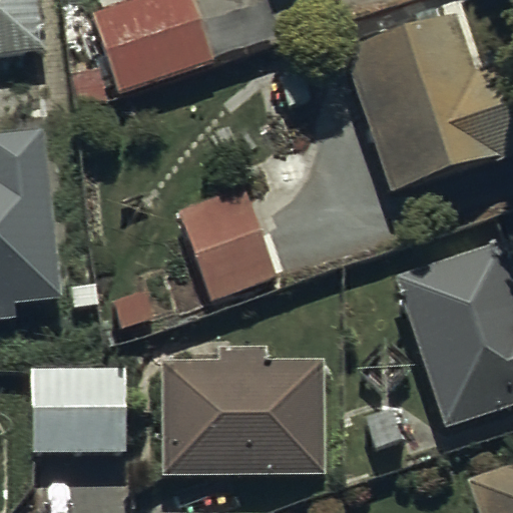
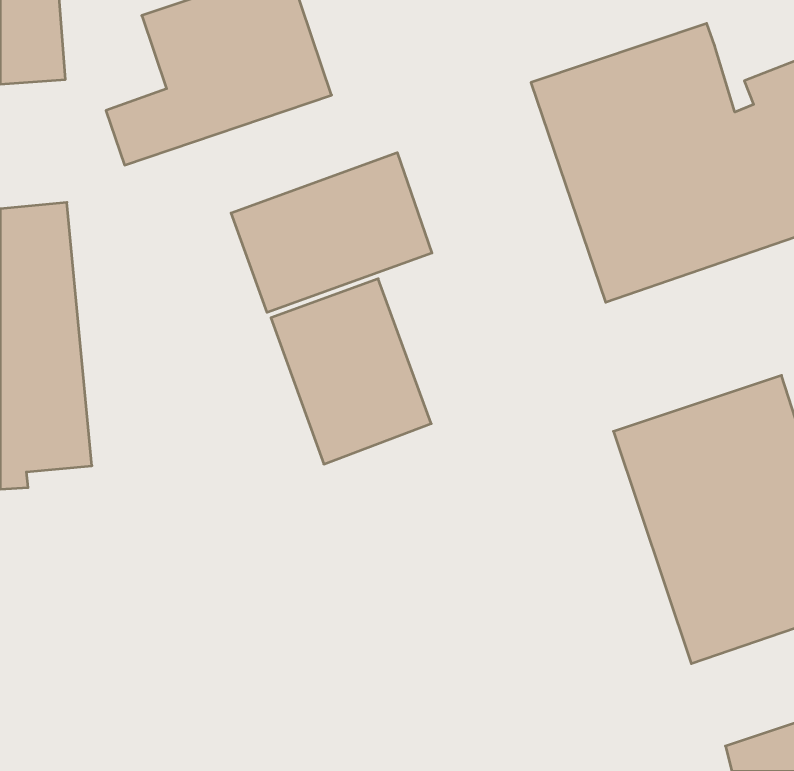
building: none -> [231,153,432,312]
building: [159,345,327,474] -> none
building: [32,364,125,450] -> none

